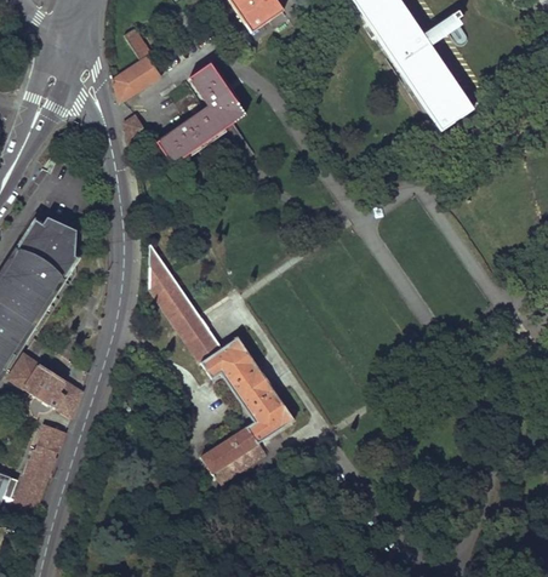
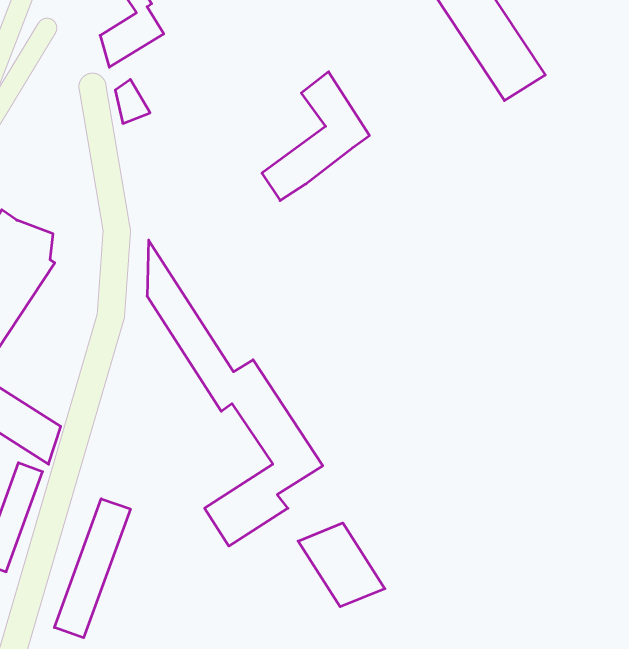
building: [159,62,245,165] -> [262,72,369,201]
building: none -> [54,499,130,638]
building: none -> [298,523,385,607]

